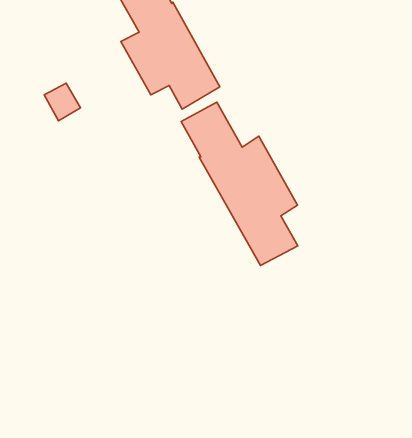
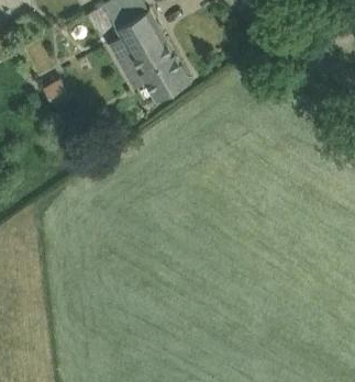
building: [181,102,298,266] -> none

